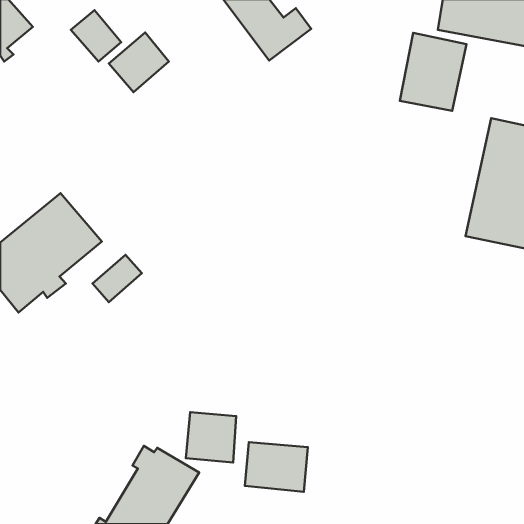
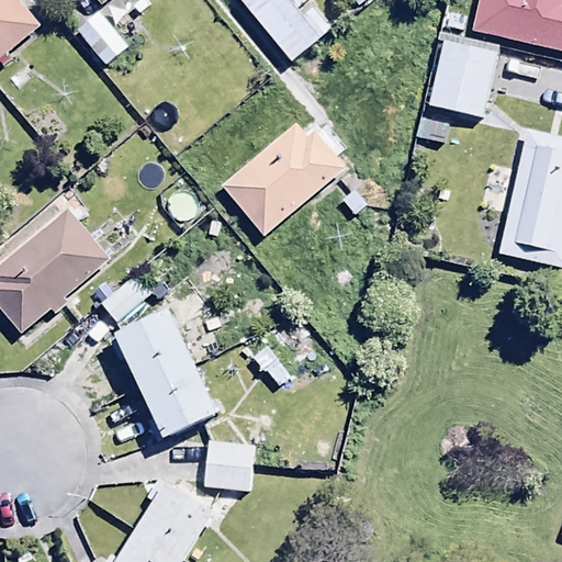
building: [109,33,169,92] -> none
building: none -> [224,124,342,235]
building: none -> [119,311,218,438]
building: [245,442,308,492] -> none

